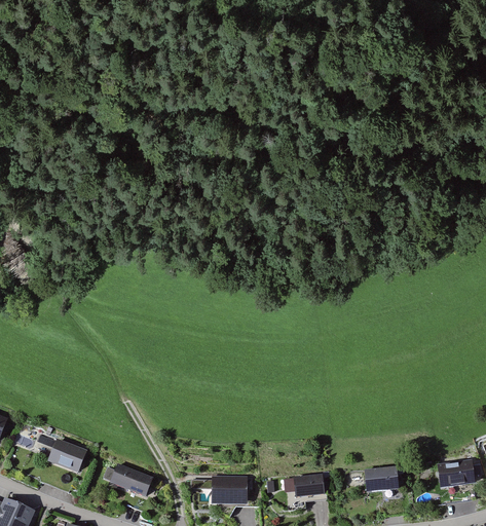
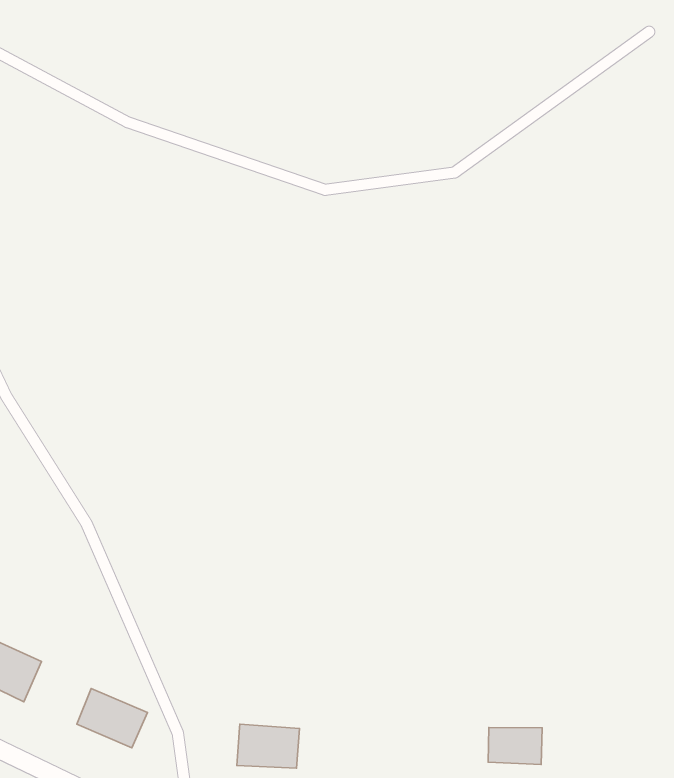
building: [432,462,469,487] -> none
building: [293,473,325,495] -> none

